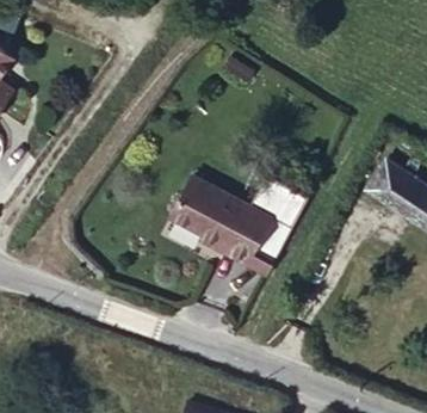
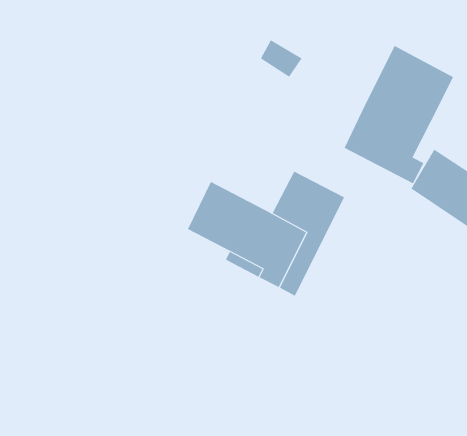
building: none -> [344,45,454,184]

